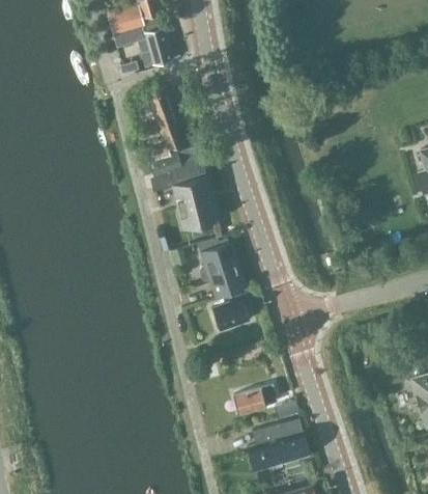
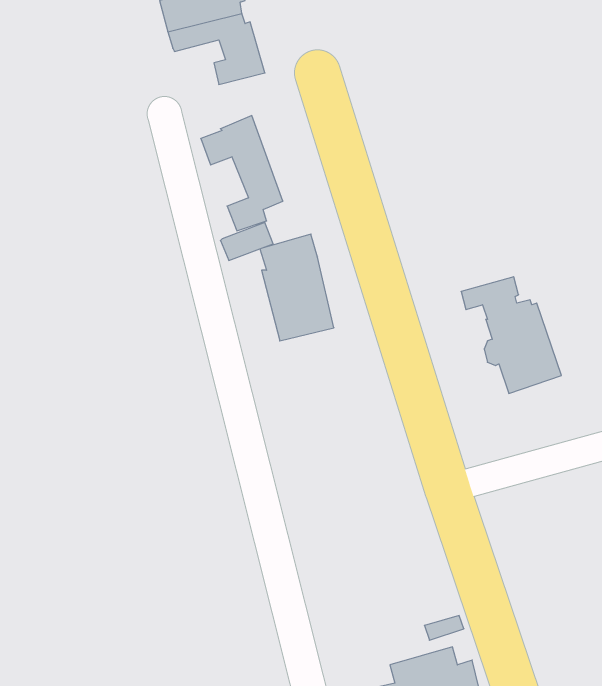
building: [184,224,248,298] -> [461,277,561,393]
building: [215,292,251,326] -> none
building: [234,384,278,412] -> none

